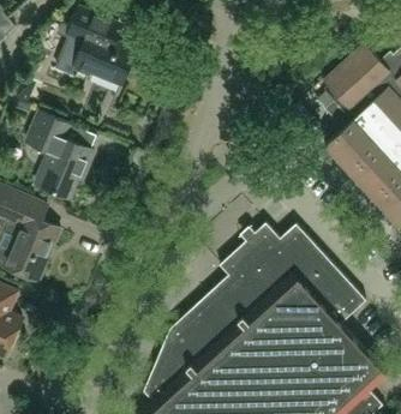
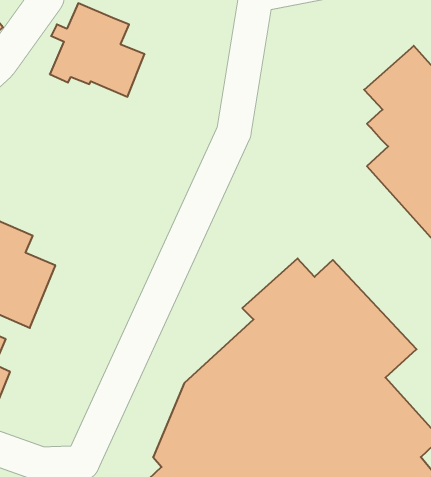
building: [22,110,94,198] -> none

